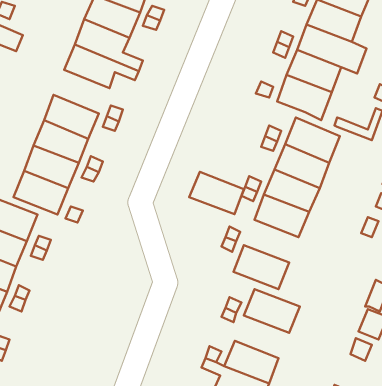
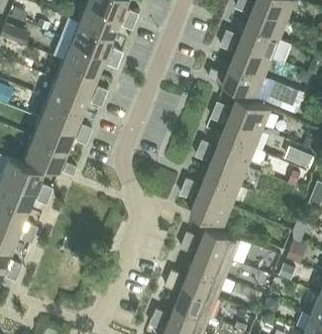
building: none -> [53,60,96,93]
building: [189,172,244,214] -> [198,174,239,206]
building: none -> [191,246,232,279]

